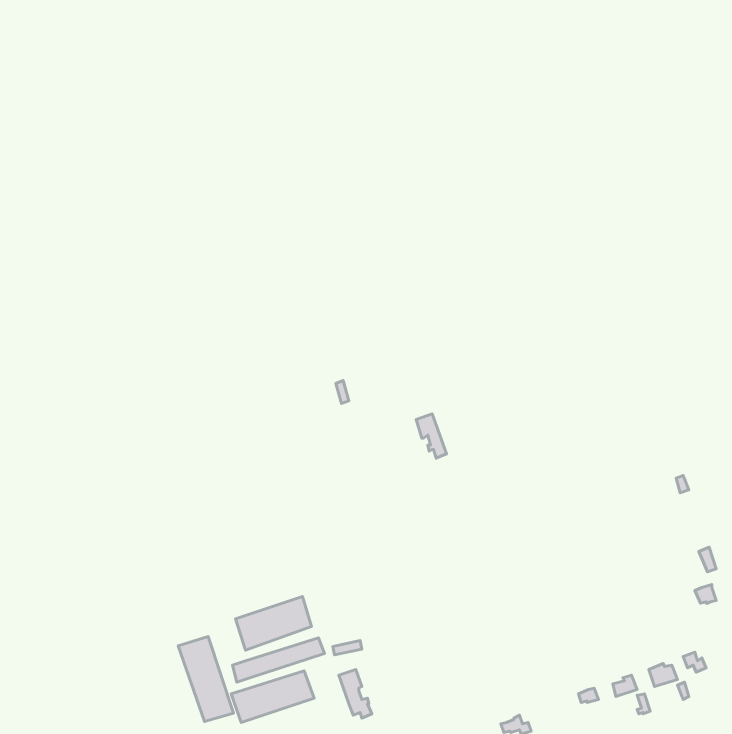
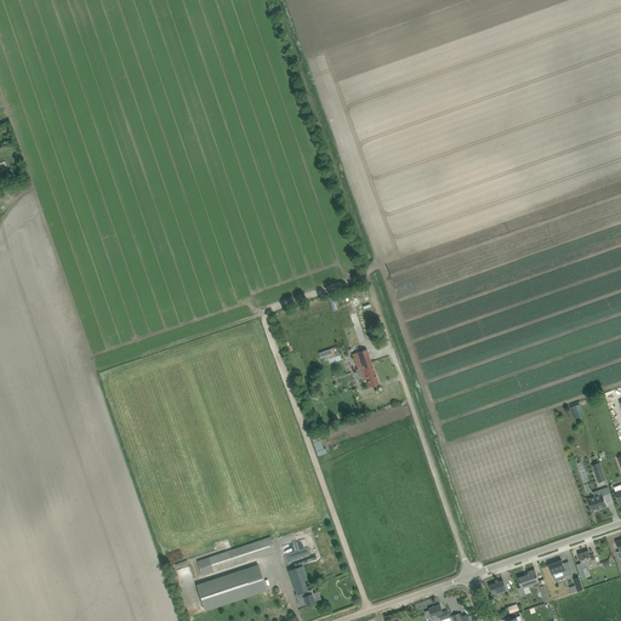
building: [235,597,312,650] -> none
building: [178,636,233,722] -> none

